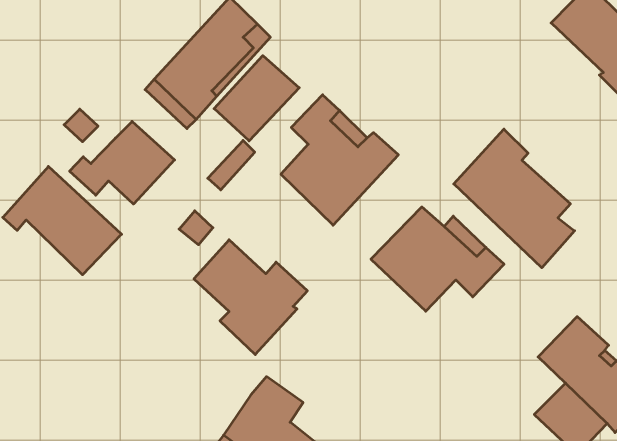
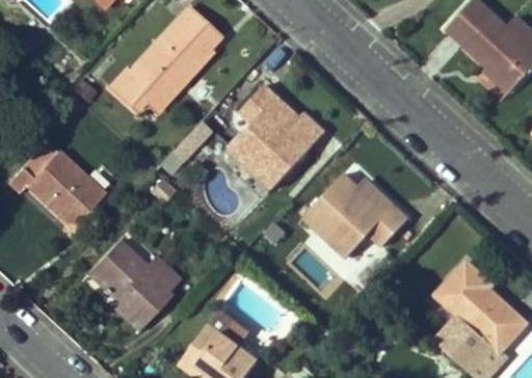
building: [214,56,299,141] -> none
building: [70,121,175,204] -> none
building: [454,129,575,268] -> none
building: [194,240,307,355] -> [89,240,180,331]

